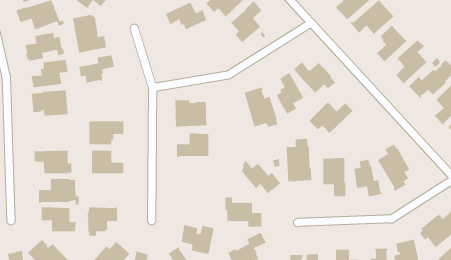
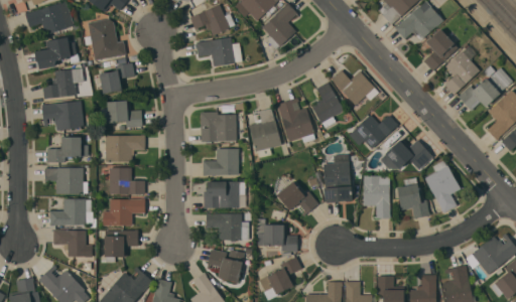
building: none -> [196,37,241,66]
building: none -> [101,101,142,127]
building: none -> [249,108,281,158]
building: none -> [47,136,88,162]
building: none -> [380,138,433,170]
building: none -> [204,181,246,208]
building: none -> [103,198,145,225]
building: none -> [207,212,249,242]

